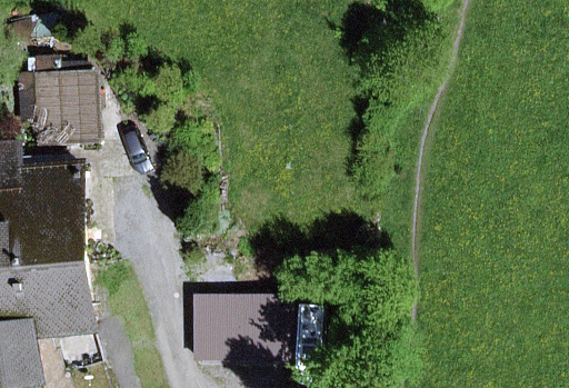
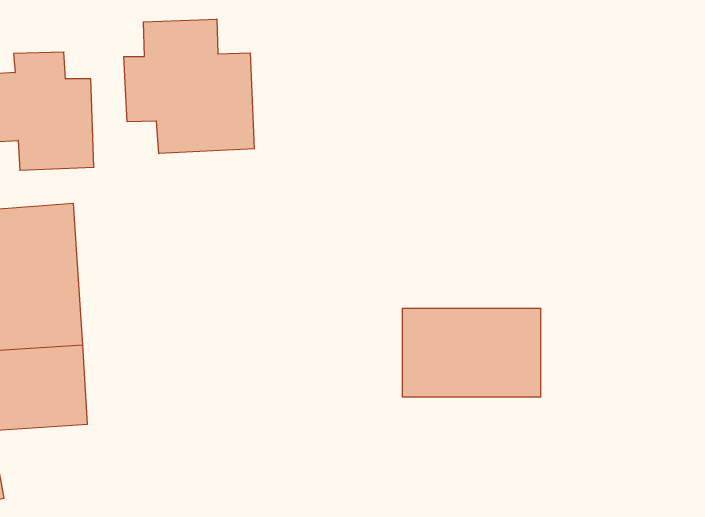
building: none -> [124,19,254,154]
building: [196,296,293,358] -> [402,309,541,397]

